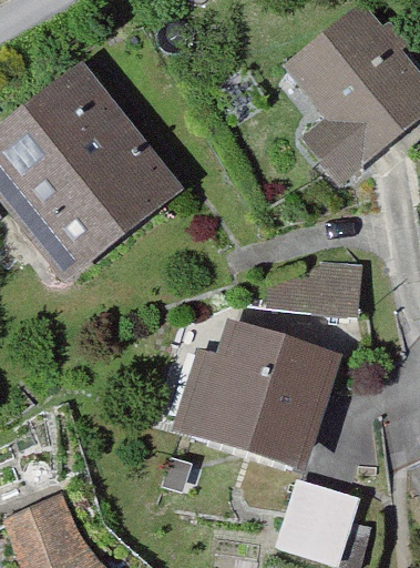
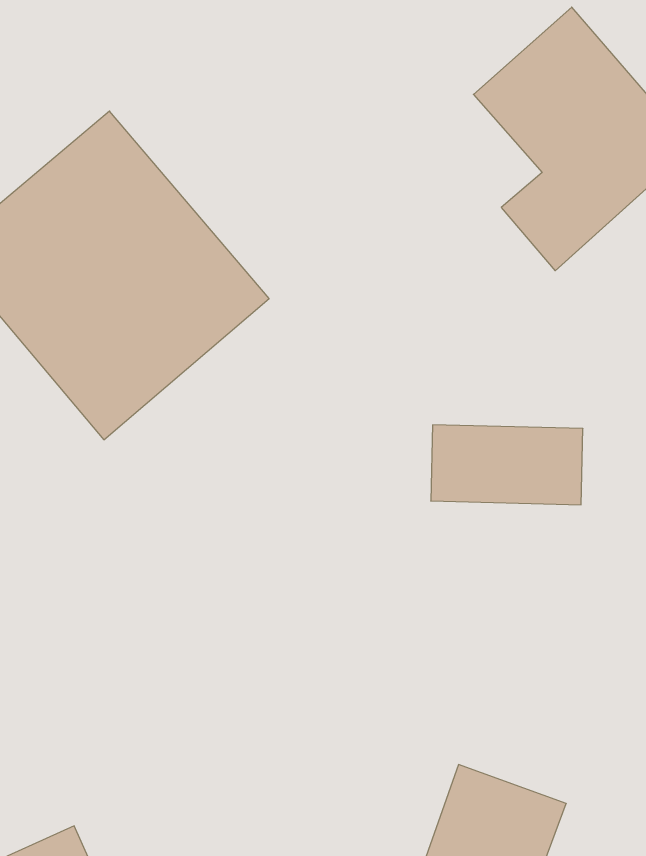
building: [178,327,337,463] -> none

